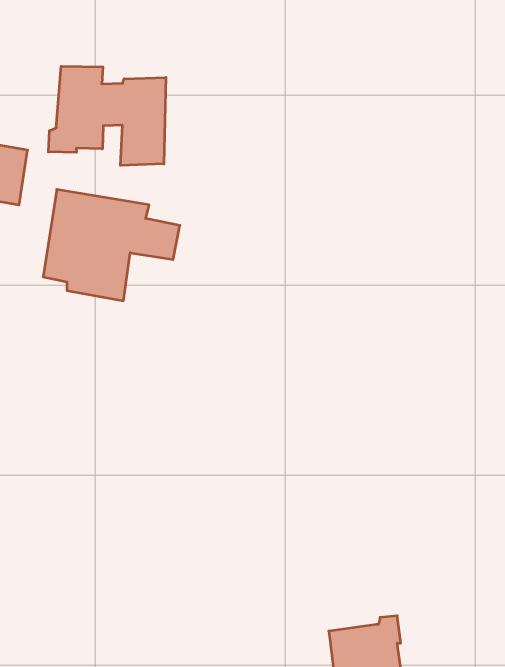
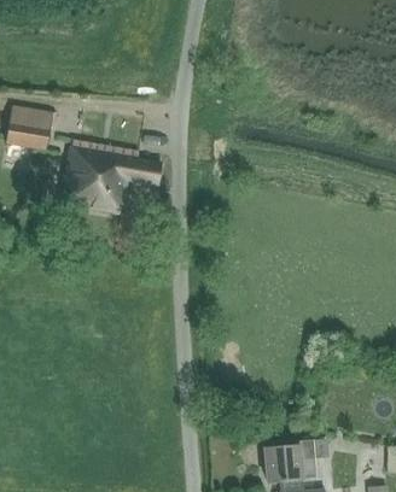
building: [48,66,166,165] -> none

